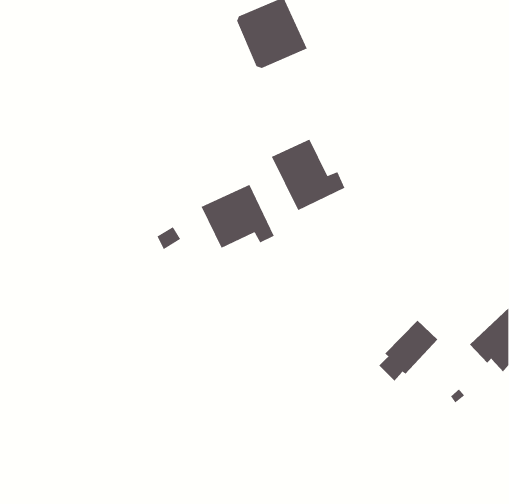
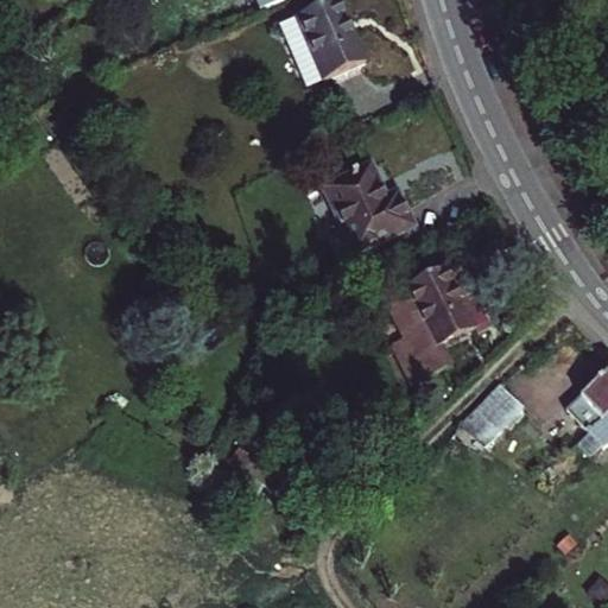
building: [200,184,275,249] -> none
building: none -> [391,259,474,374]

